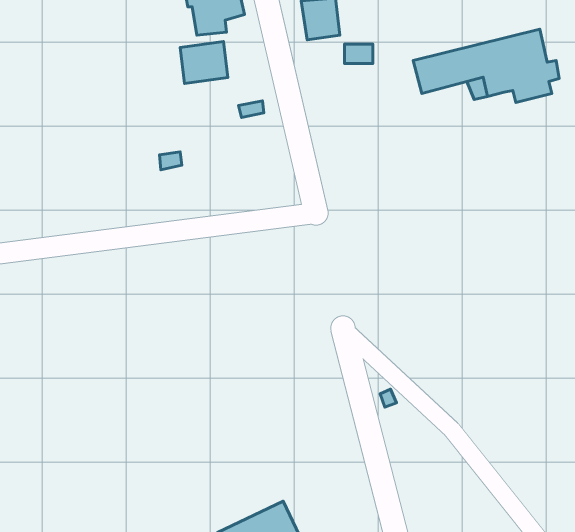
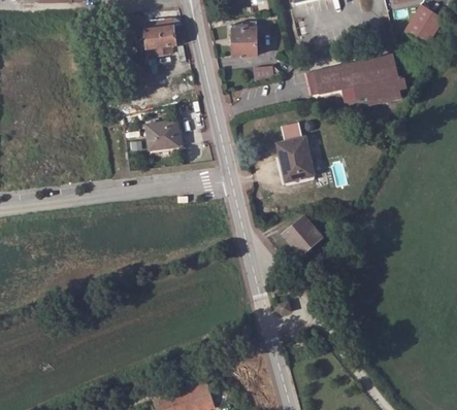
building: [180,42,228,83] -> [151,121,184,149]
building: none -> [278,133,312,177]
building: none -> [283,213,322,252]

